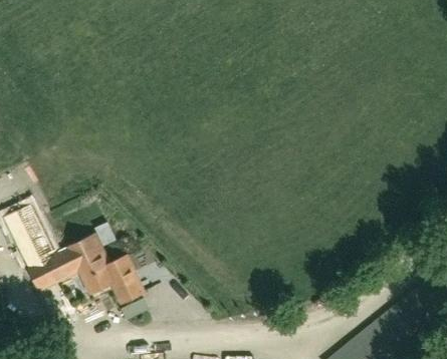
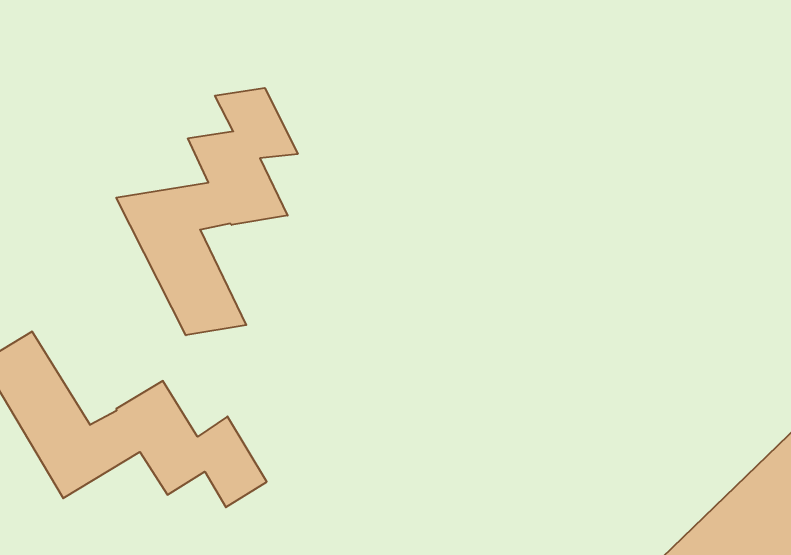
building: none -> [116,88,298,335]

